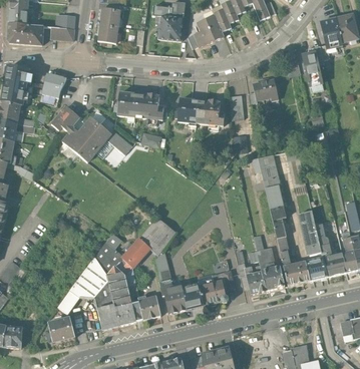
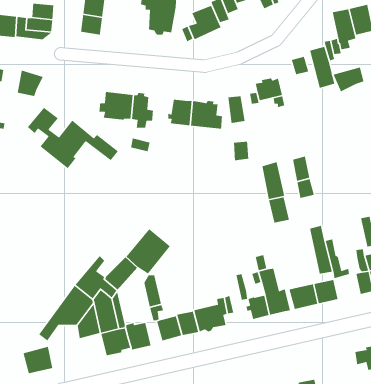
building: none -> [333,67,365,93]
building: [270,206,290,267] -> none
building: [323,253,346,276] -> none
building: [97,306,121,331] -> none

